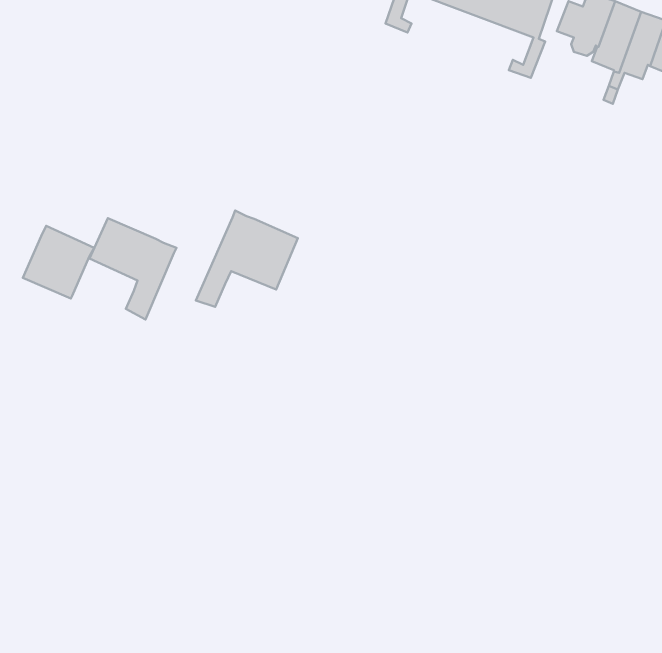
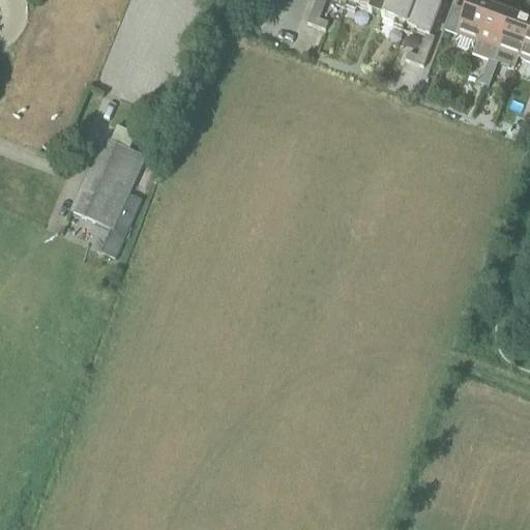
building: [196,211,298,307] -> none
building: [23,226,94,298] -> [87,132,144,190]

